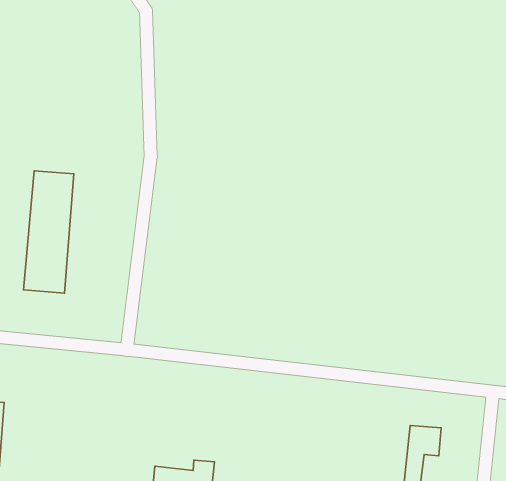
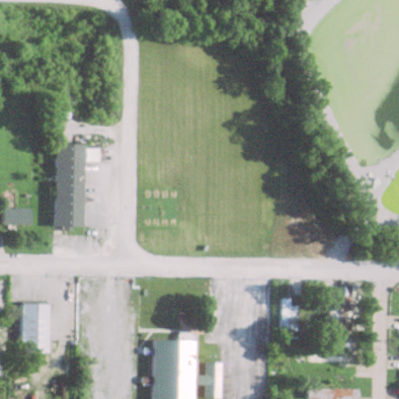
building: none -> [283,298,300,331]

